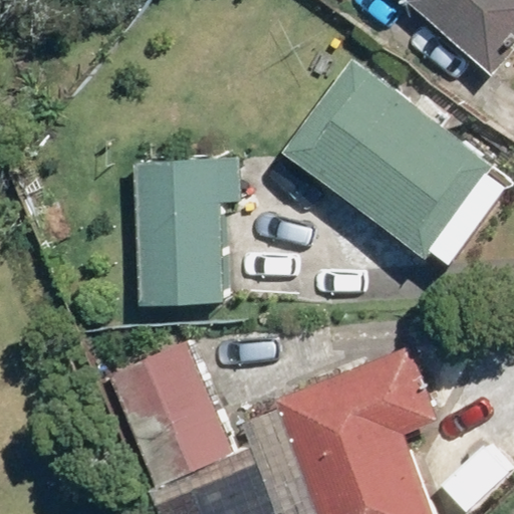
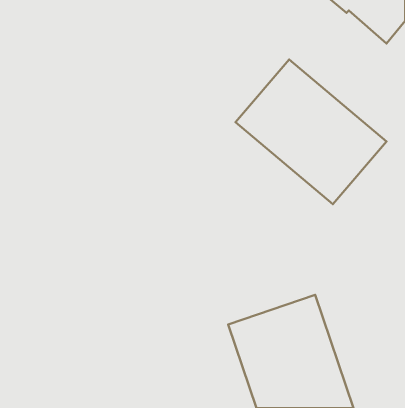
building: [133,164,239,298] -> none
building: [111,348,214,471] -> none

